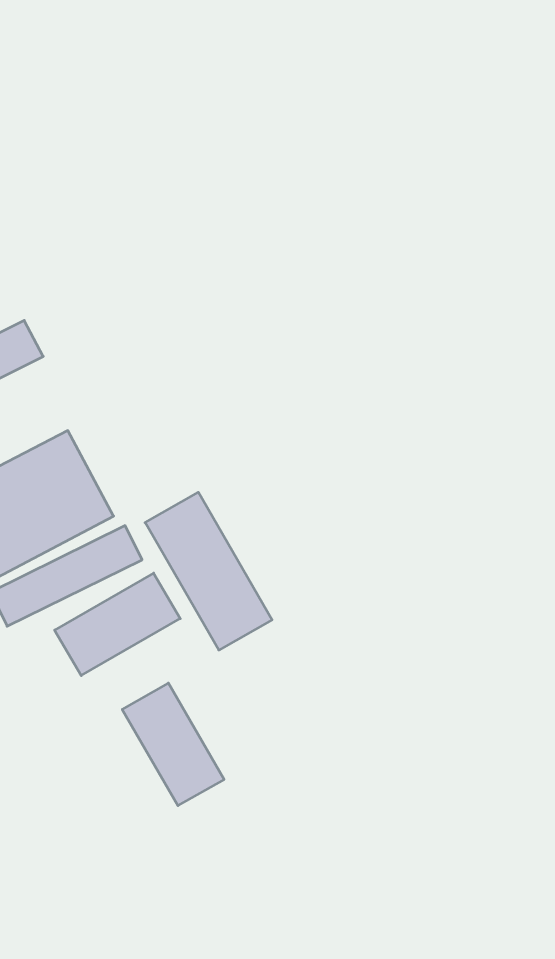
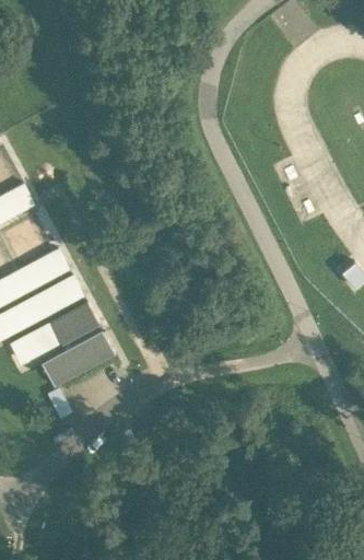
building: [145,492,272,650] -> none
building: [122,683,224,806] -> none

